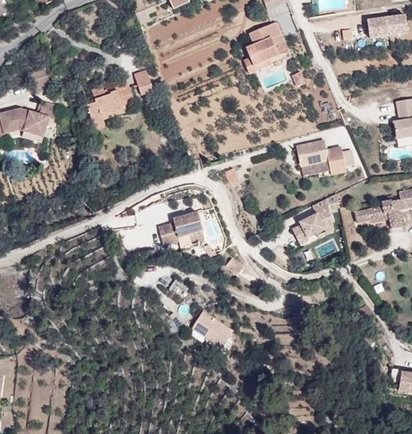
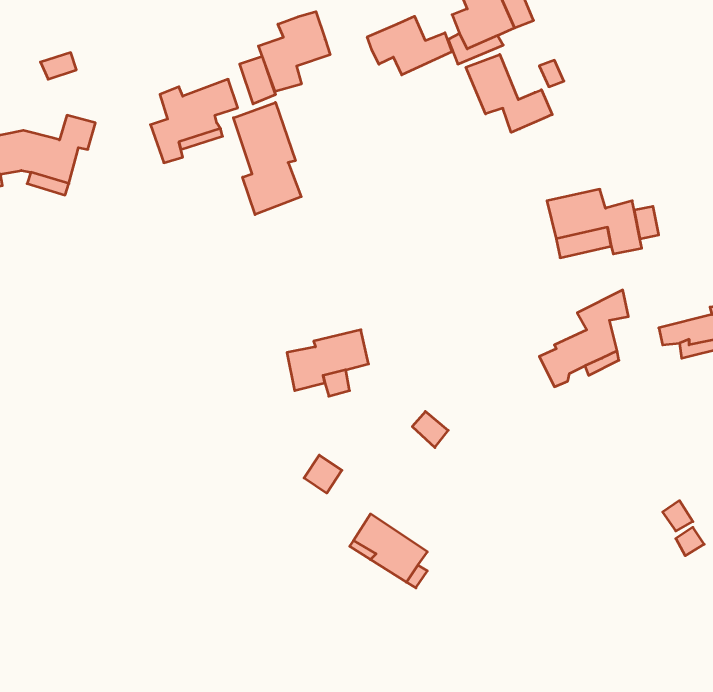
building: none -> [258,12,330,92]
building: none -> [367,16,452,75]
building: none -> [466,54,552,132]
building: none -> [233,102,301,215]

